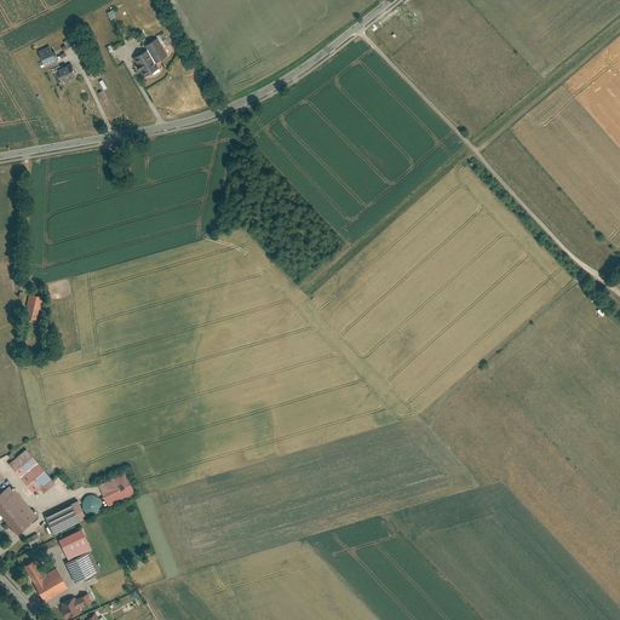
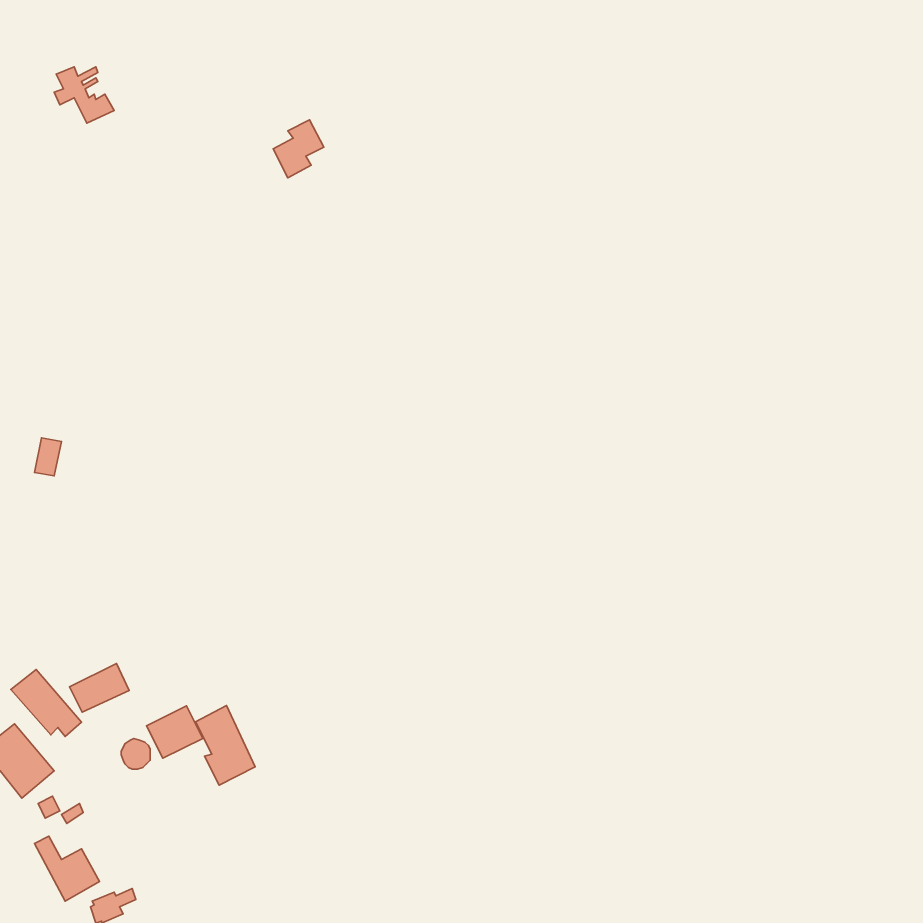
building: [133,38,167,76] -> [273,120,324,178]
building: [45,500,85,533] -> [70,663,129,712]
building: [59,529,99,582] -> [196,705,255,785]

